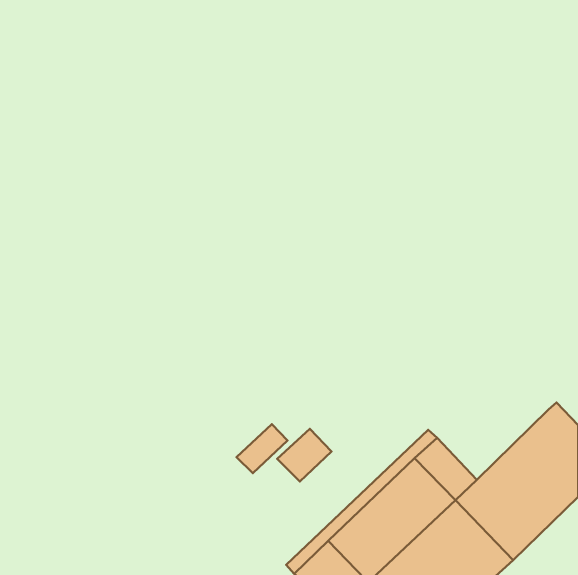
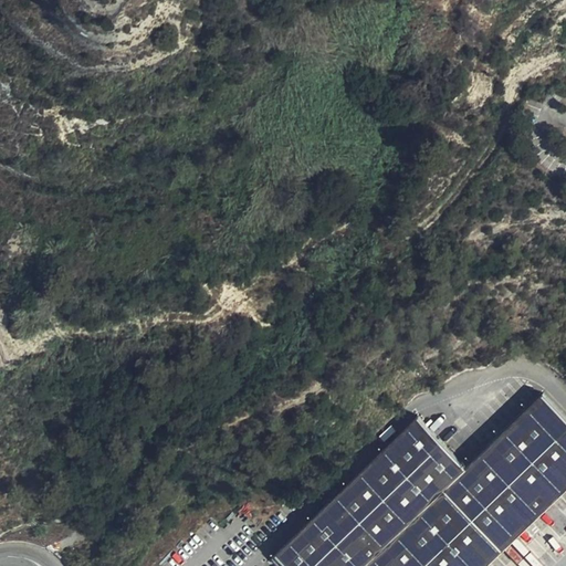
building: [237,424,287,473] -> none
building: [277,429,331,482] -> none

